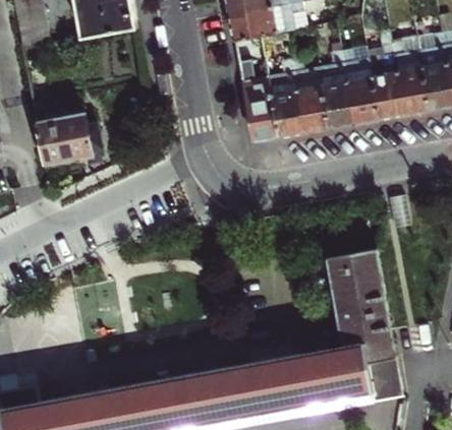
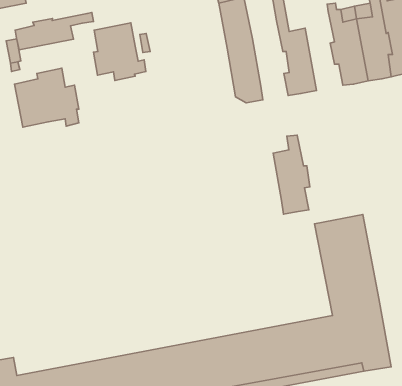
building: [318,53,354,129] -> none
building: none -> [15,13,94,50]
building: [267,62,302,138] -> [273,135,310,214]
building: none -> [93,23,146,80]

